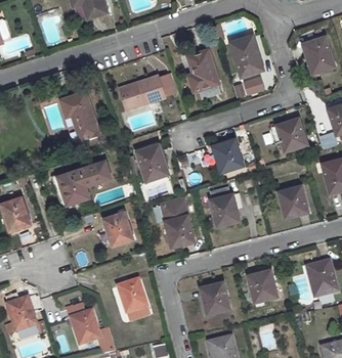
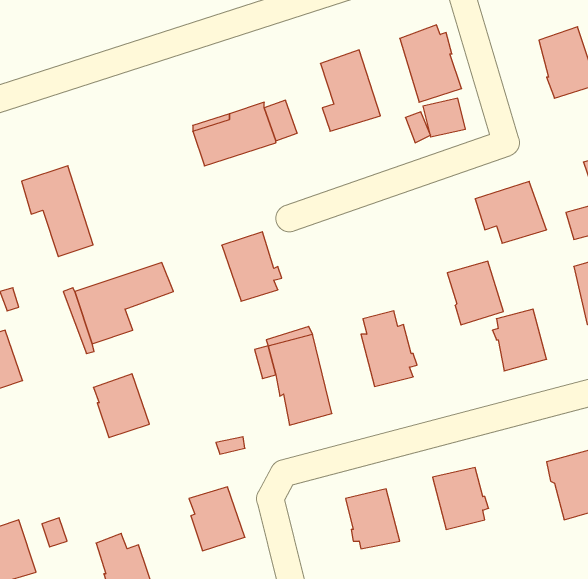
building: [60,91,98,139] -> [22,166,93,257]
building: [213,138,243,172] -> [447,261,503,325]
building: [103,211,133,244] -> [93,374,149,438]

